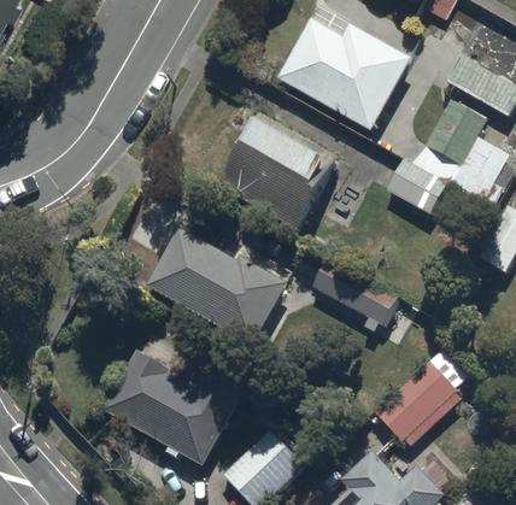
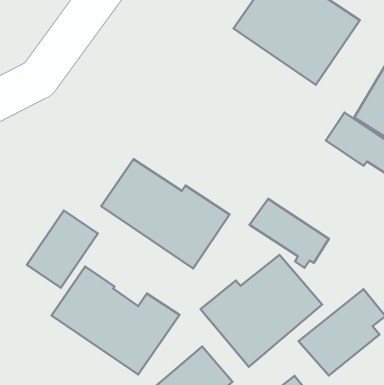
building: [216,112,328,229] -> none
building: none -> [27,210,98,288]
building: none -> [200,255,322,367]

